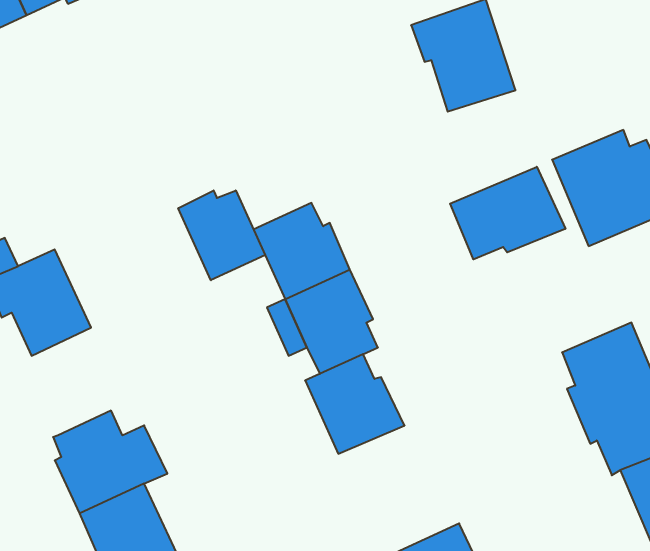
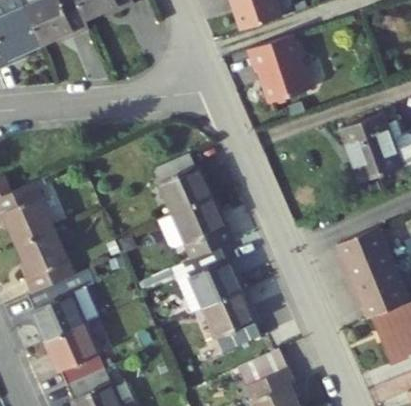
building: [450,167,565,259] -> none
building: [178,190,265,280] -> none
building: none -> [19,232,76,297]
building: none -> [204,291,260,352]

